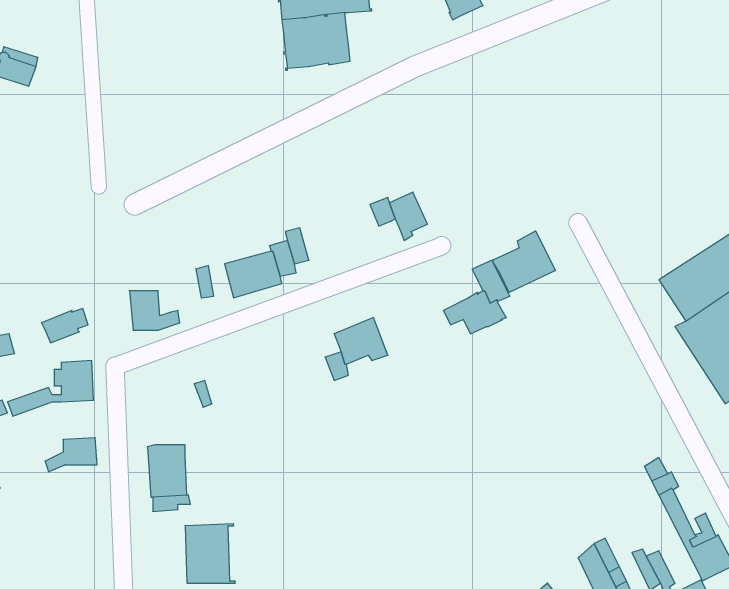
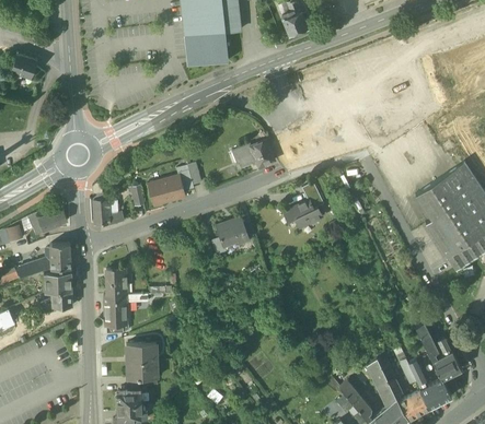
building: [492,231,555,292] -> none
building: none -> [106,269,127,295]
building: none -> [44,272,71,292]

